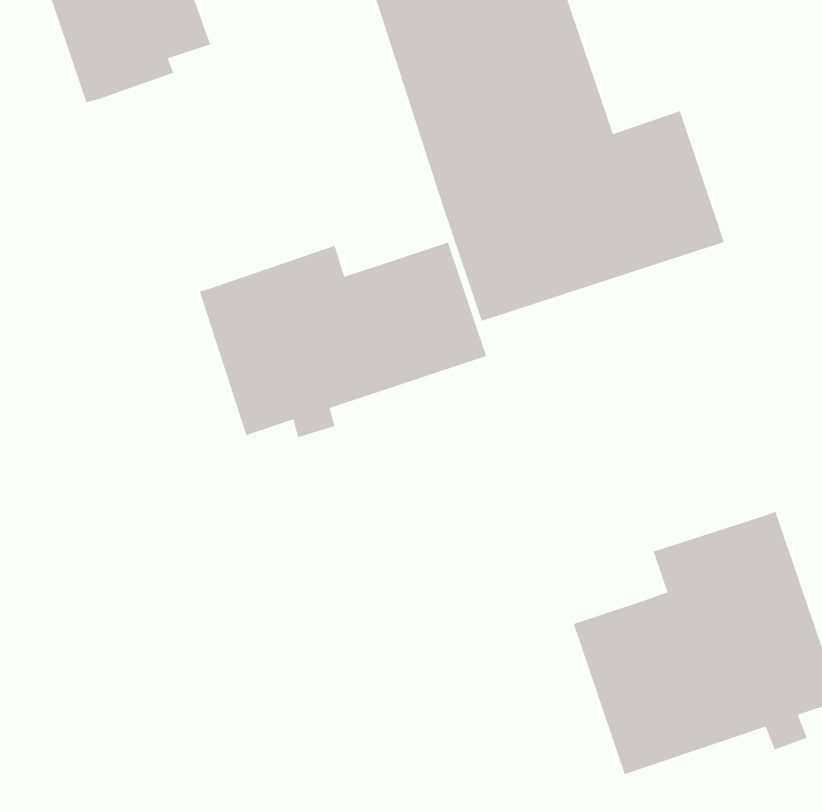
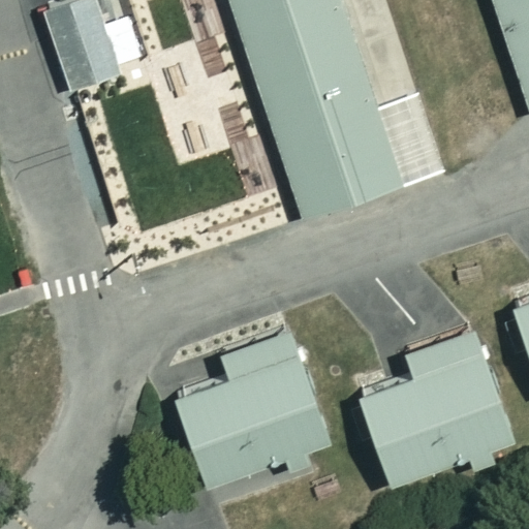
building: [199,241,487,438] -> none
building: none -> [174,332,331,487]

